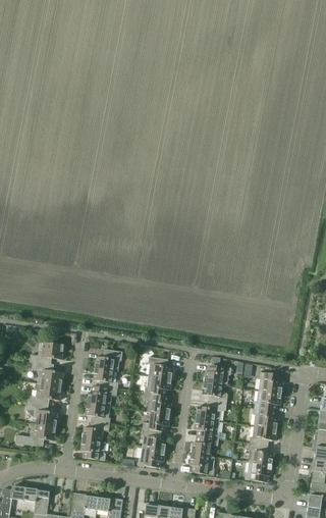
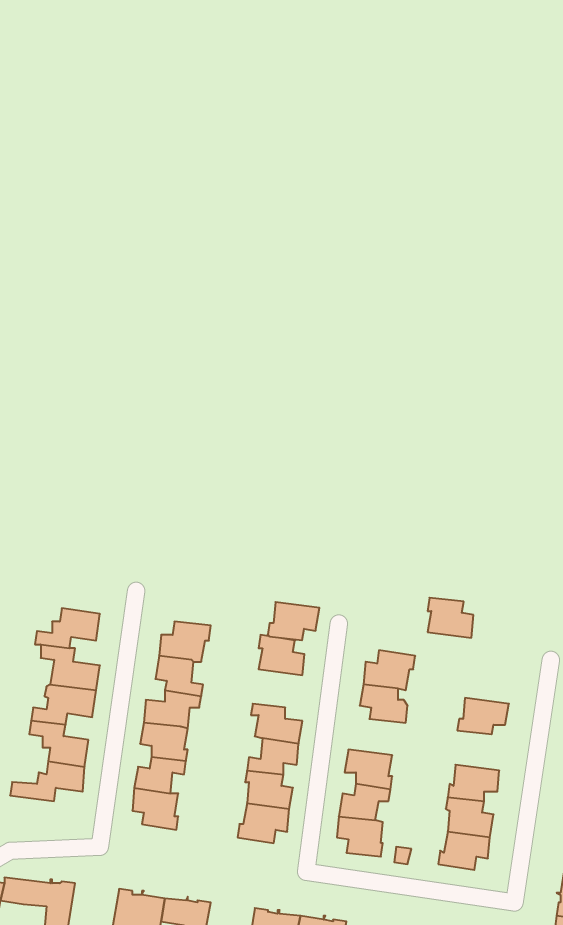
building: [259,372,283,394] -> [428,598,473,638]
building: [145,375,172,396] -> [268,602,319,640]
building: [197,402,227,421] -> none
building: [254,408,279,429] -> none

